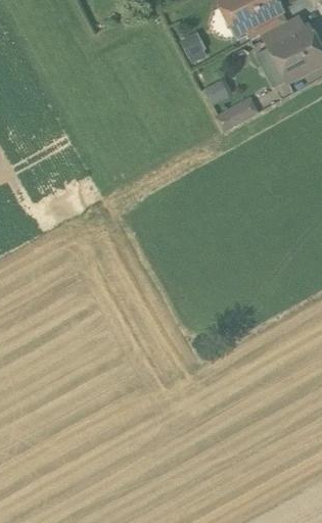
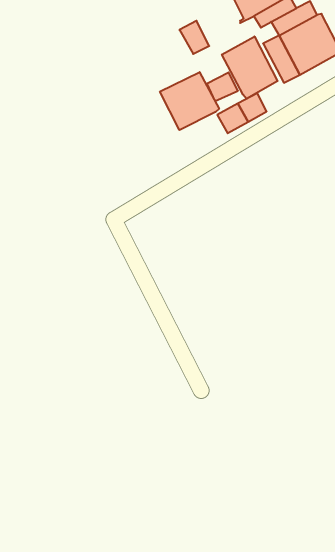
building: none -> [222,36,278,99]
building: none -> [160,72,219,130]

